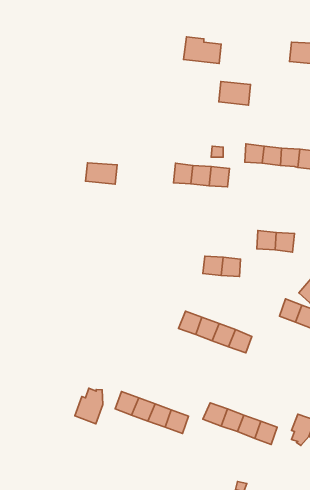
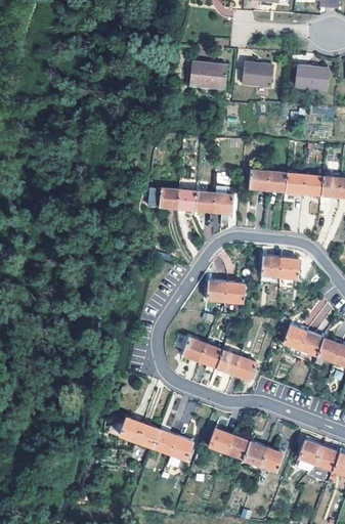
building: [219,82,250,105] -> [242,63,273,87]
building: [85,163,117,184] -> [148,187,180,209]
building: [75,388,103,424] -> none

